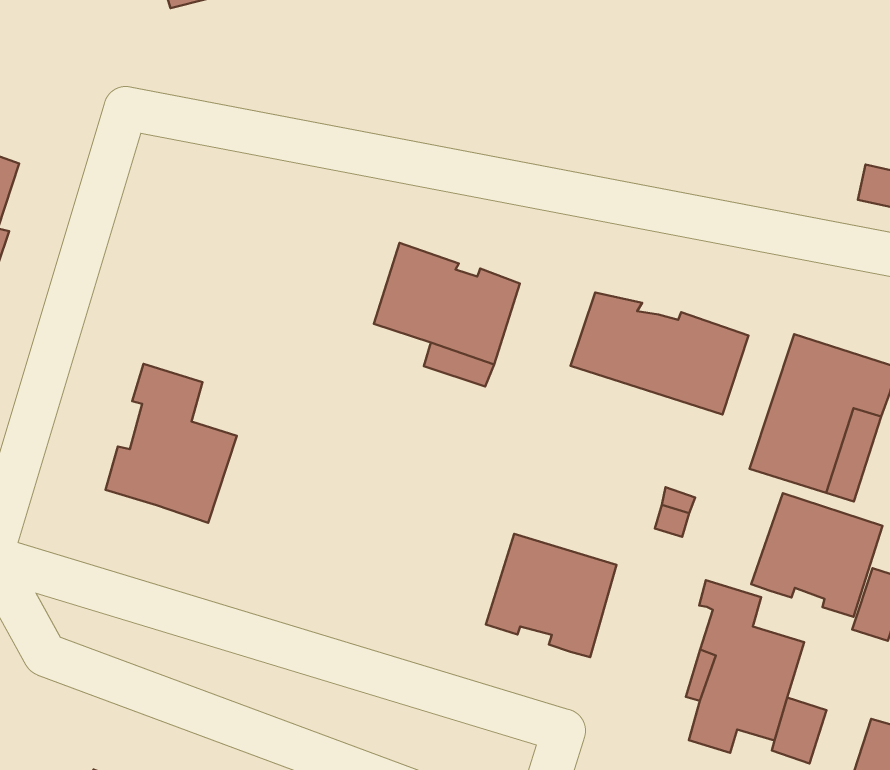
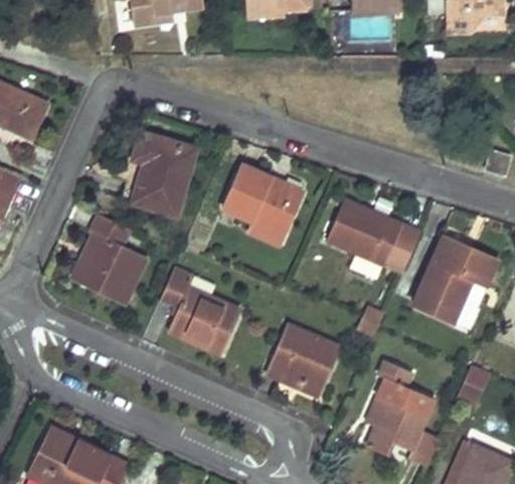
building: none -> [132,132,196,213]
building: none -> [159,273,240,351]
building: [751,493,882,617] -> none

